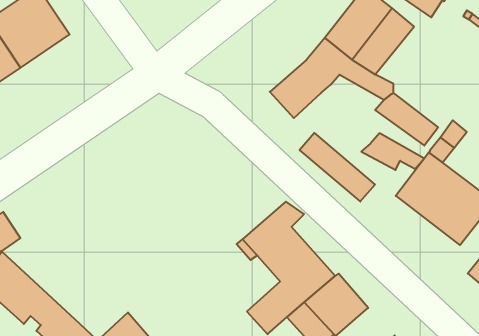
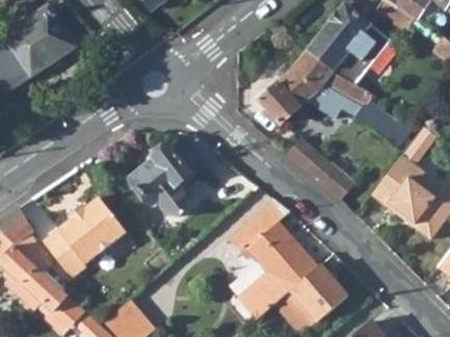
building: none -> [129,135,217,216]
building: [361,133,424,170] -> [305,83,362,116]
building: none -> [43,197,126,278]

